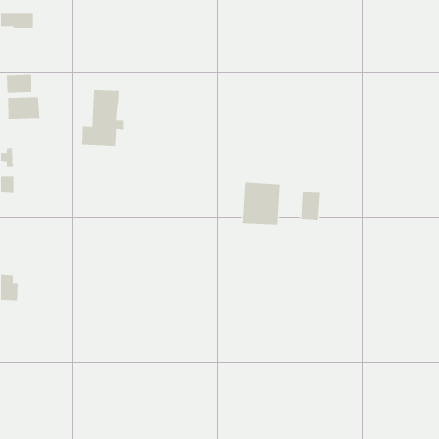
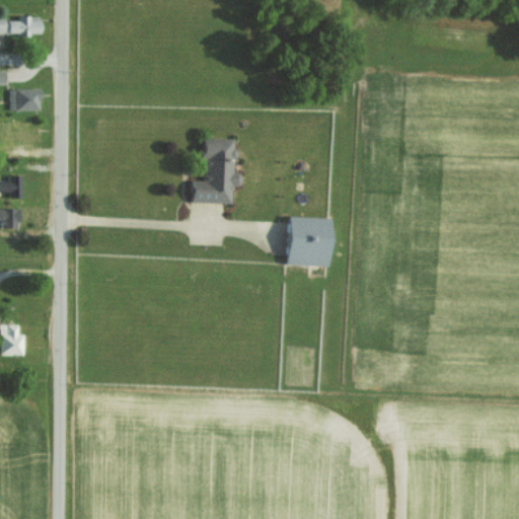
building: [81,90,124,146] -> [190,138,240,205]
building: [8,97,40,120] -> none
building: [301,191,320,221] -> none

